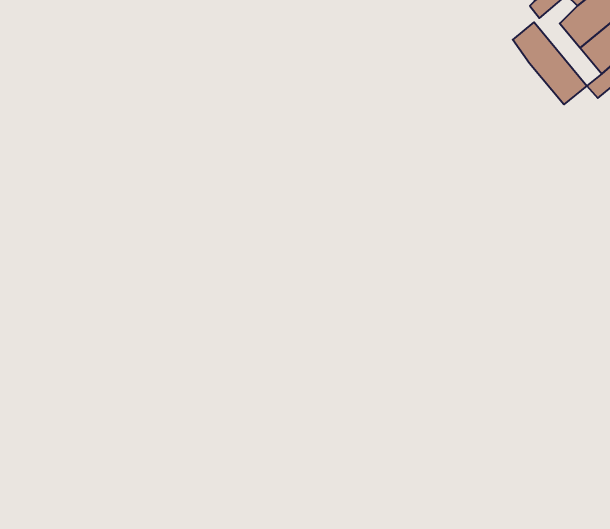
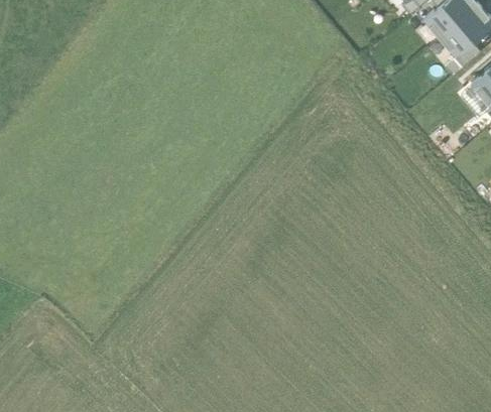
building: [513,22,587,104] -> none

